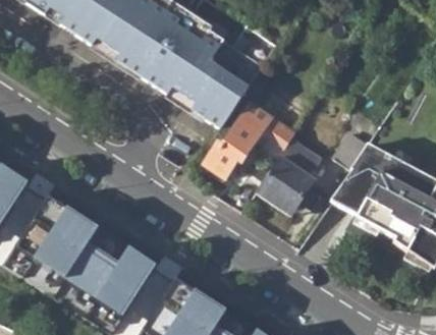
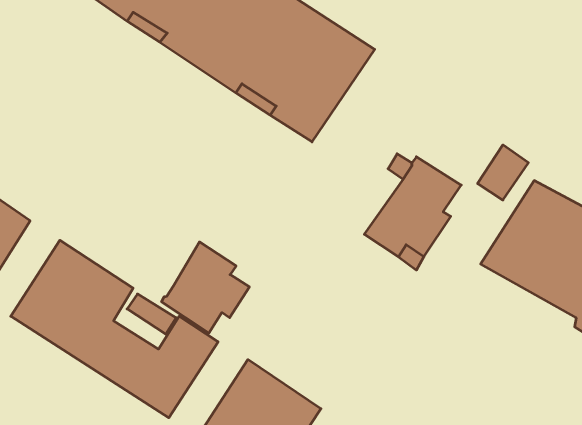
building: [203,100,272,176] -> none
building: none -> [162,242,249,333]

